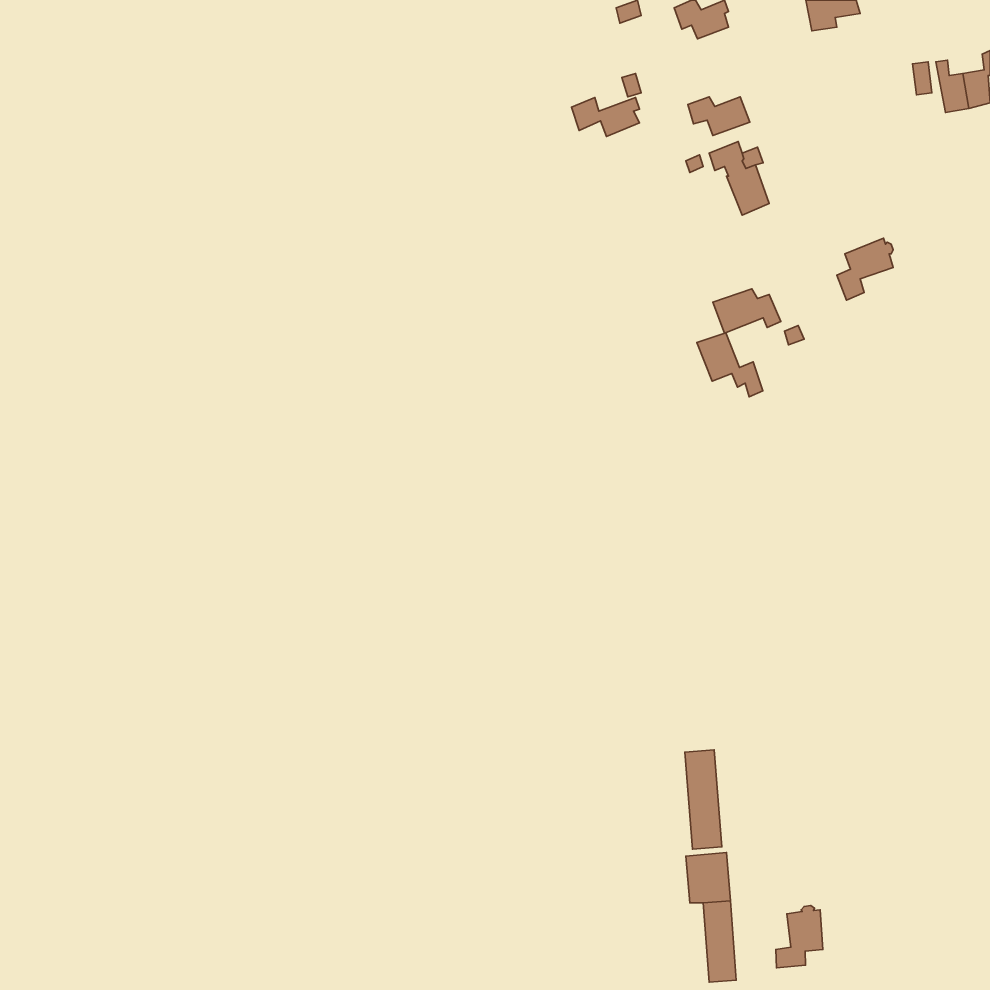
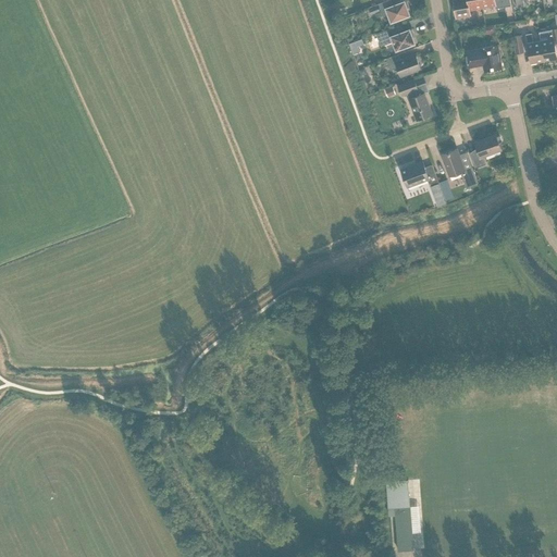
building: none -> [466,45,503,72]
building: [572,98,639,136] -> [376,28,414,50]
building: [697,333,763,397] -> [441,149,478,185]
building: [685,750,722,849] -> none
building: [776,906,823,968] -> none

